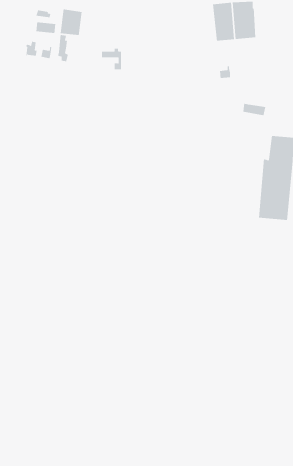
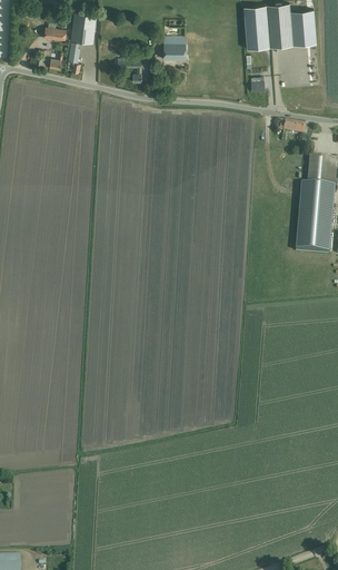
building: none -> [291,10,317,46]
building: none -> [163,37,186,60]

